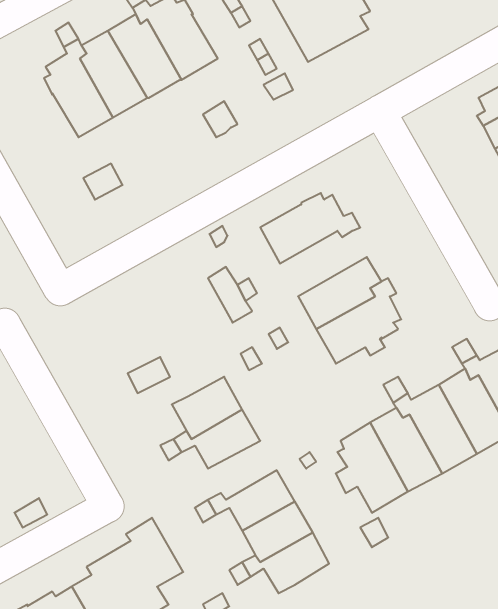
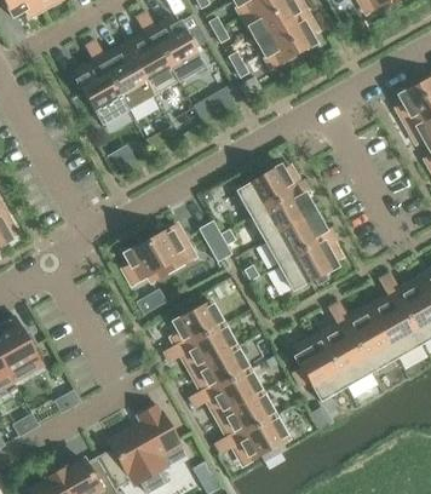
building: none -> [251,193,315,241]
building: none -> [122,224,195,285]
building: none -> [197,347,248,391]

